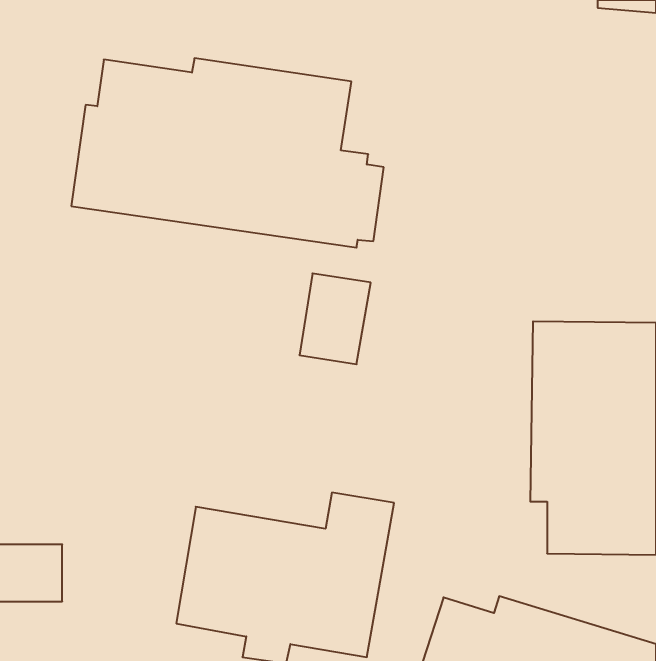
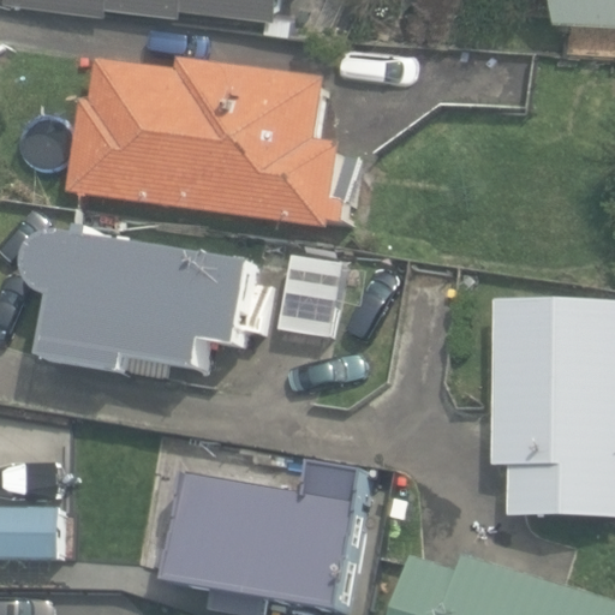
building: none -> [22,228,249,377]

